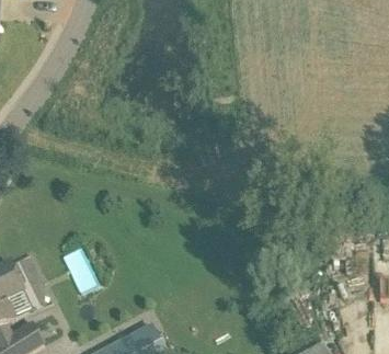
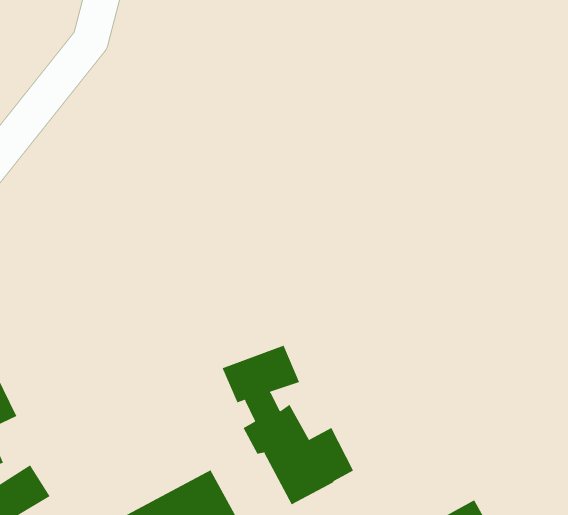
building: none -> [222,345,354,505]

